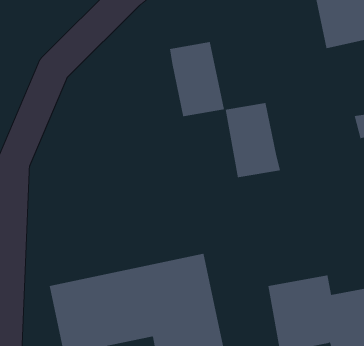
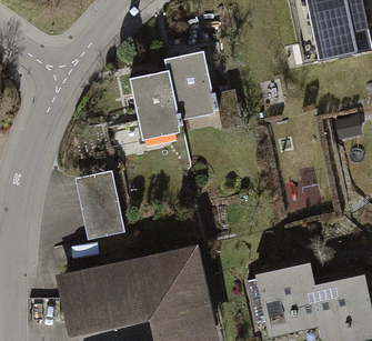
building: [225,102,281,178] -> [130,70,181,139]
building: none -> [76,174,123,241]

